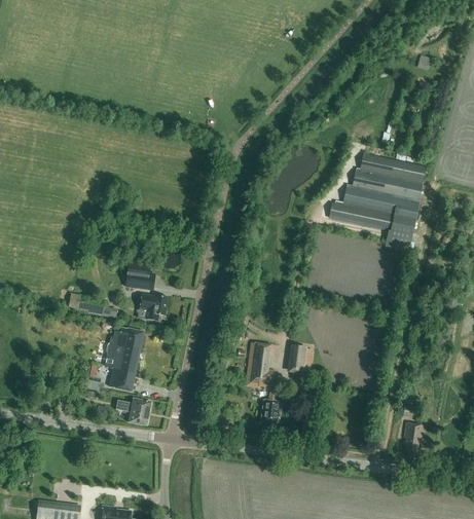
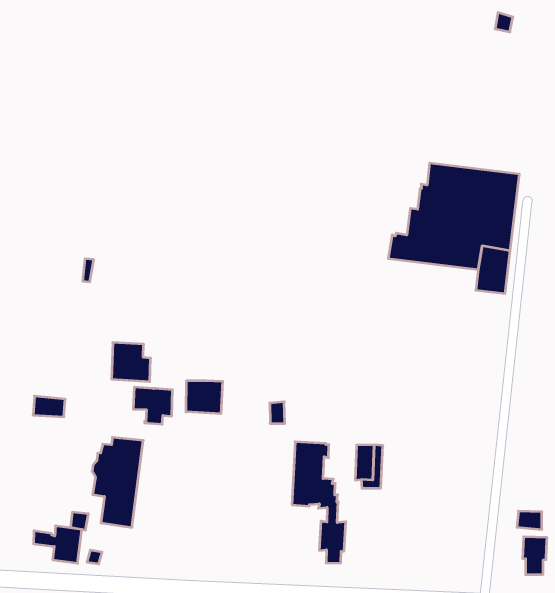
building: none -> [186,381,223,414]
building: [116,398,151,425] -> [34,526,82,563]

